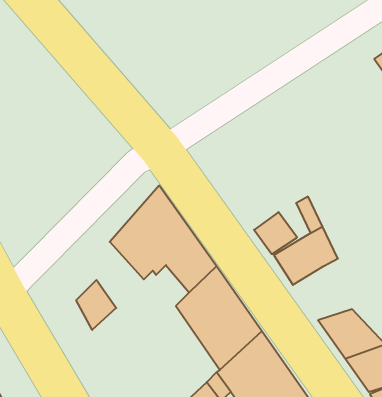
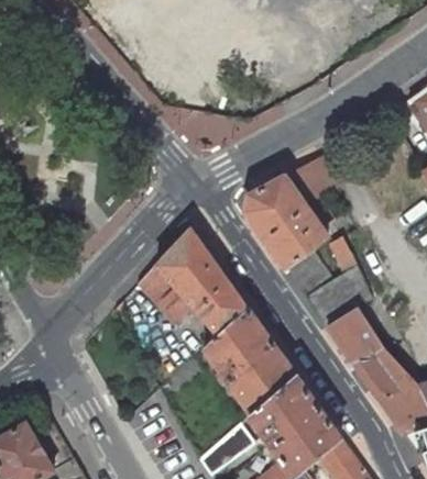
building: none -> [243,156,336,267]
building: none -> [325,307,384,360]
building: [76,280,116,330] -> none

